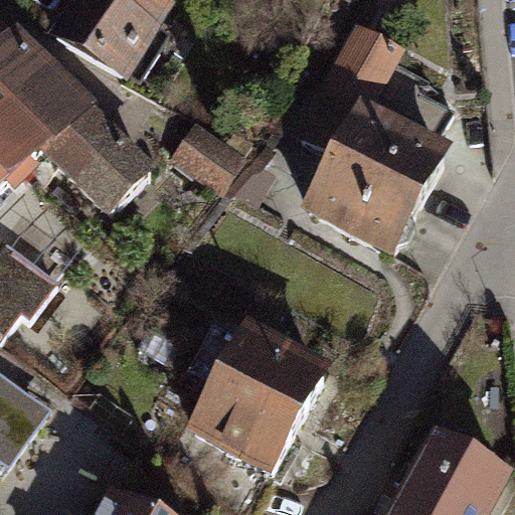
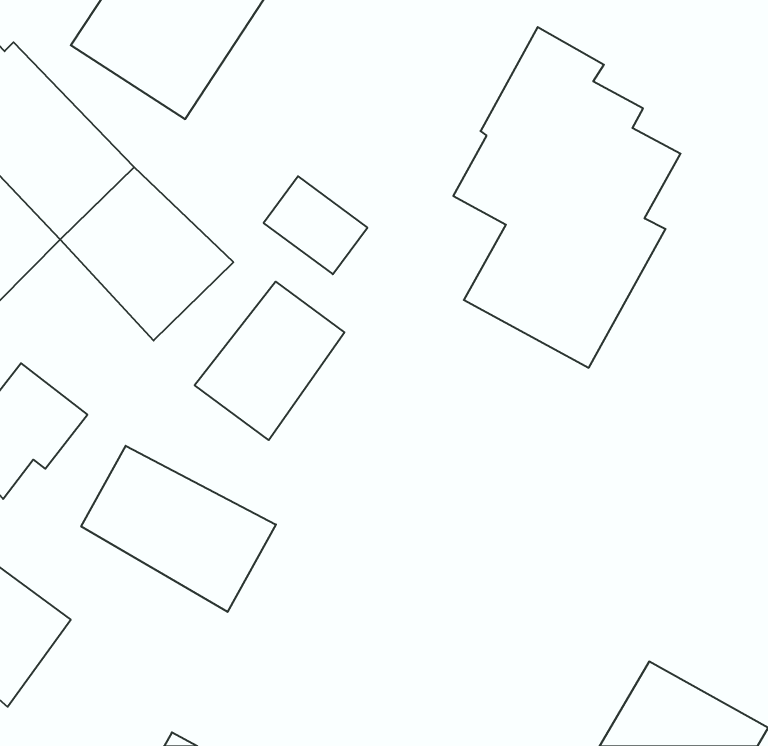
building: none -> [195,282,344,440]
building: none -> [81,446,276,612]
building: [180,335,326,490] -> none

